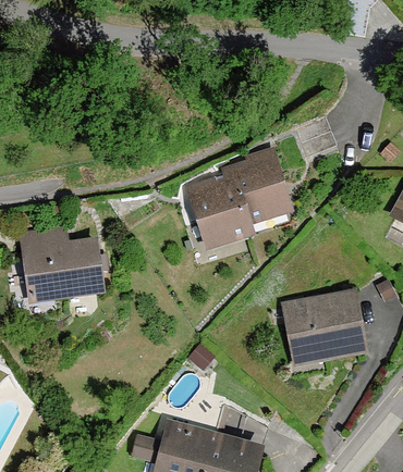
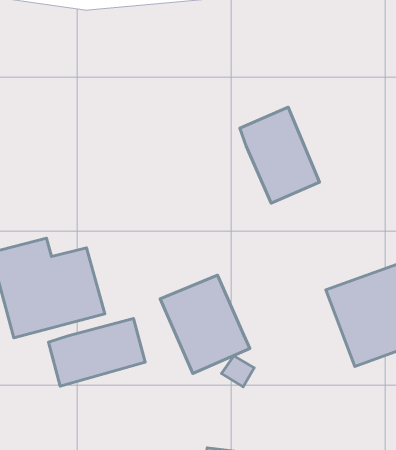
building: [184,175,252,252] -> [160,275,250,374]
building: none -> [48,318,145,386]

